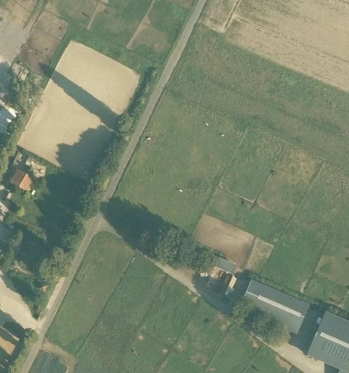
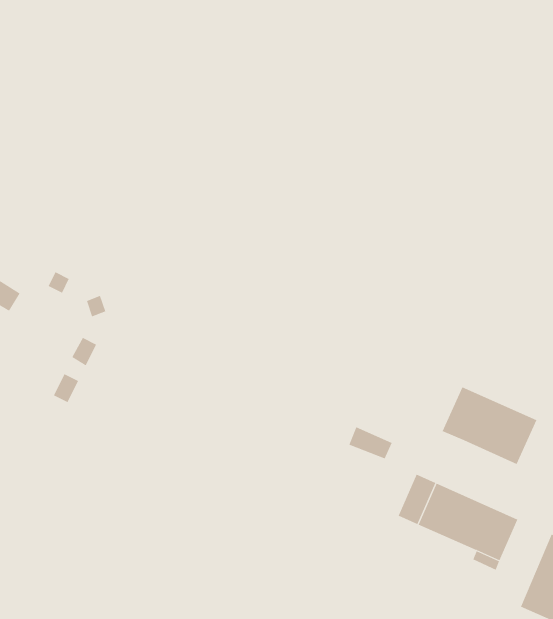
building: none -> [442,386,537,465]

